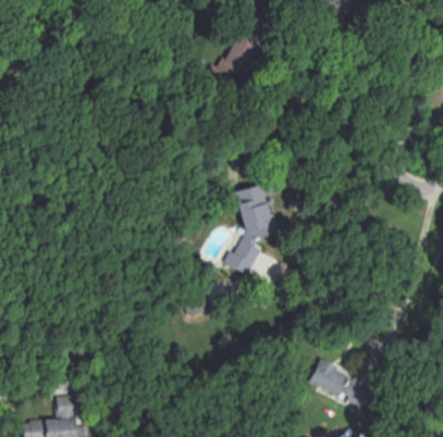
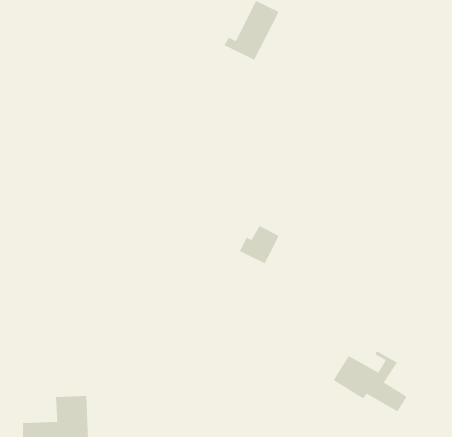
building: [234,184,275,240] -> none

